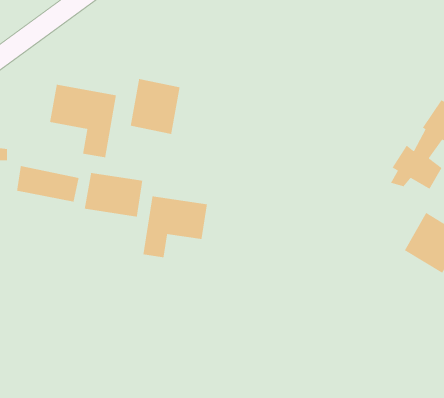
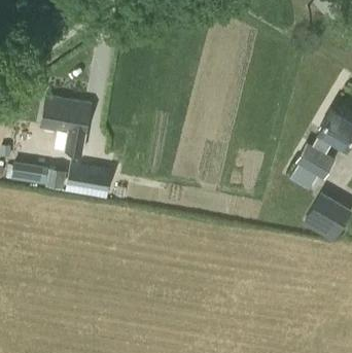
building: [130,78,180,135] -> none
building: [142,195,208,258] -> none

